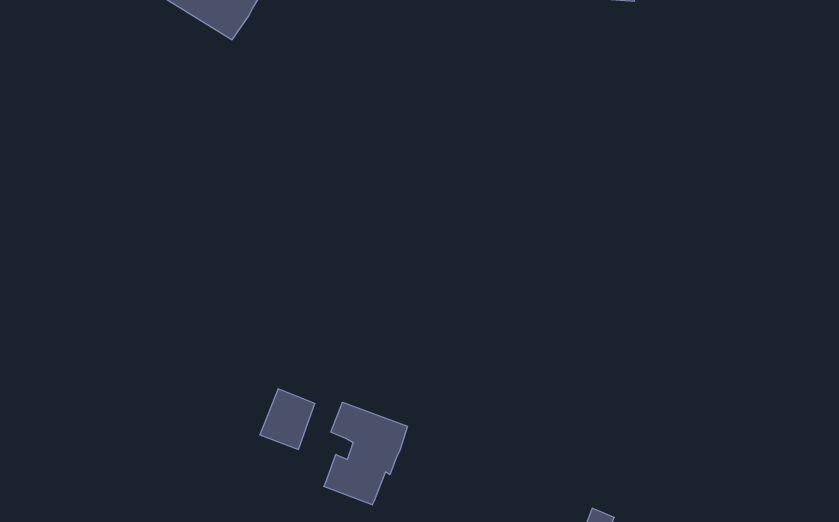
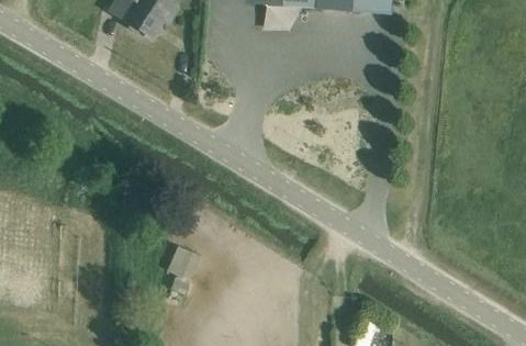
building: [324,402,407,505] -> none

